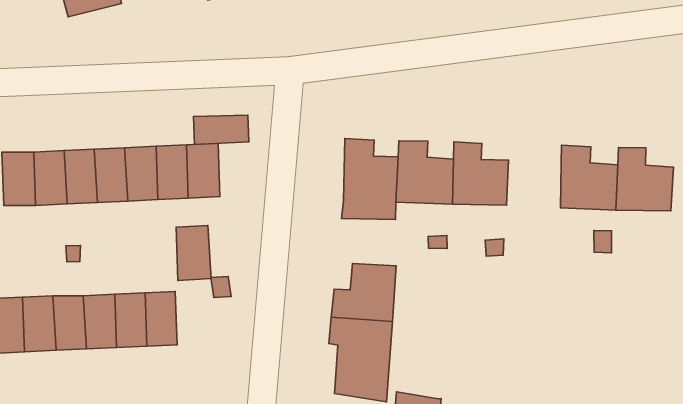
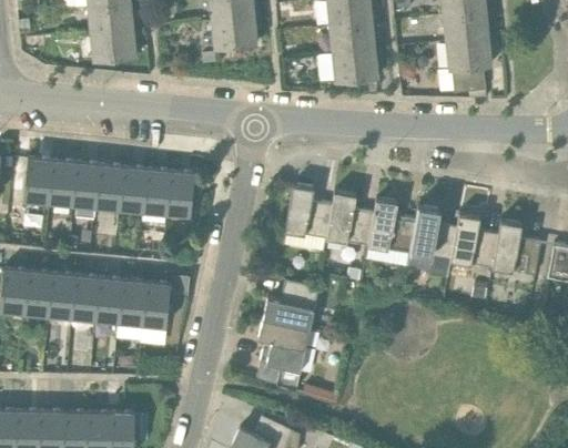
building: [194,115,249,144] -> none
building: none -> [409,207,456,262]
building: [176,225,211,280] -> [142,284,171,327]

